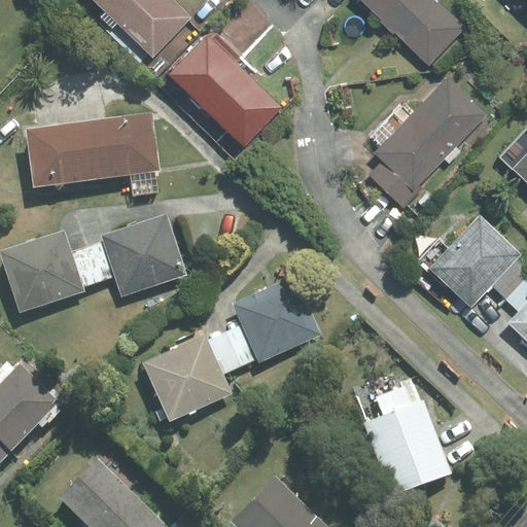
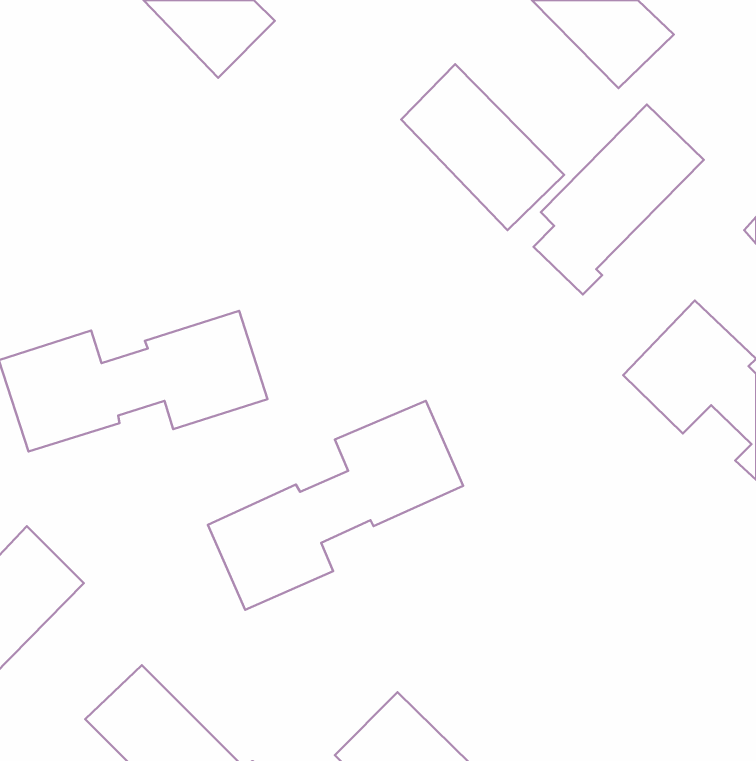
building: [171,27,283,141] -> [401,64,564,230]
building: [27,114,159,187] -> none
building: [364,387,451,498] -> none

